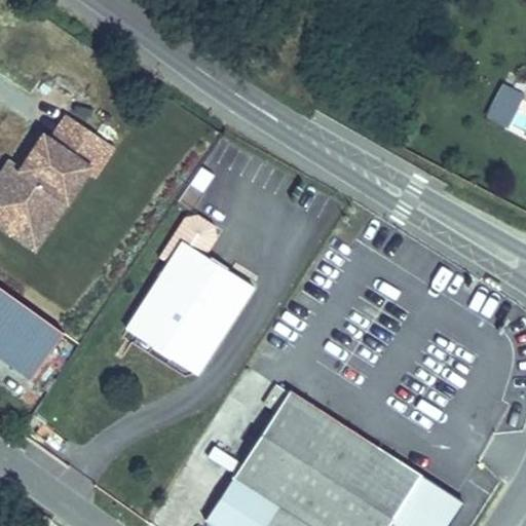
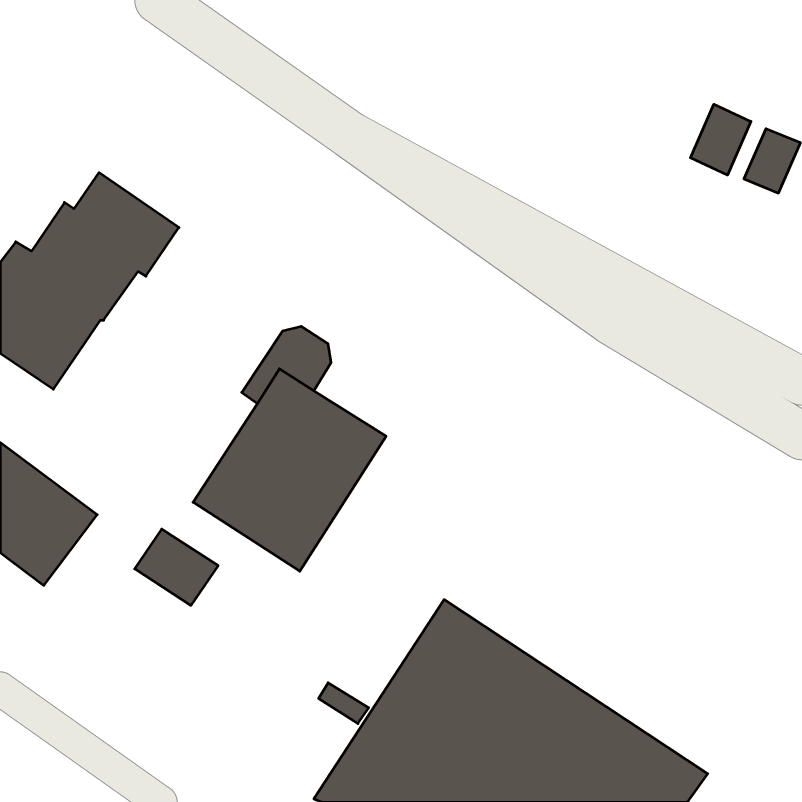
building: none -> [690,104,751,175]
building: none -> [135,529,218,605]

